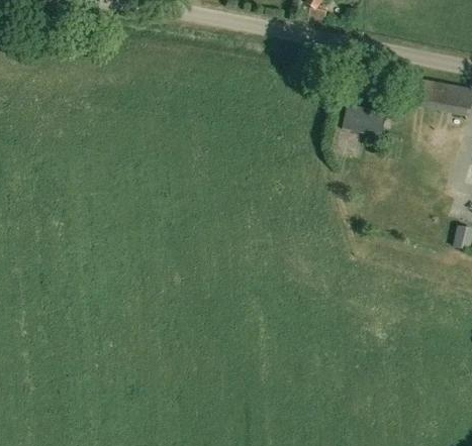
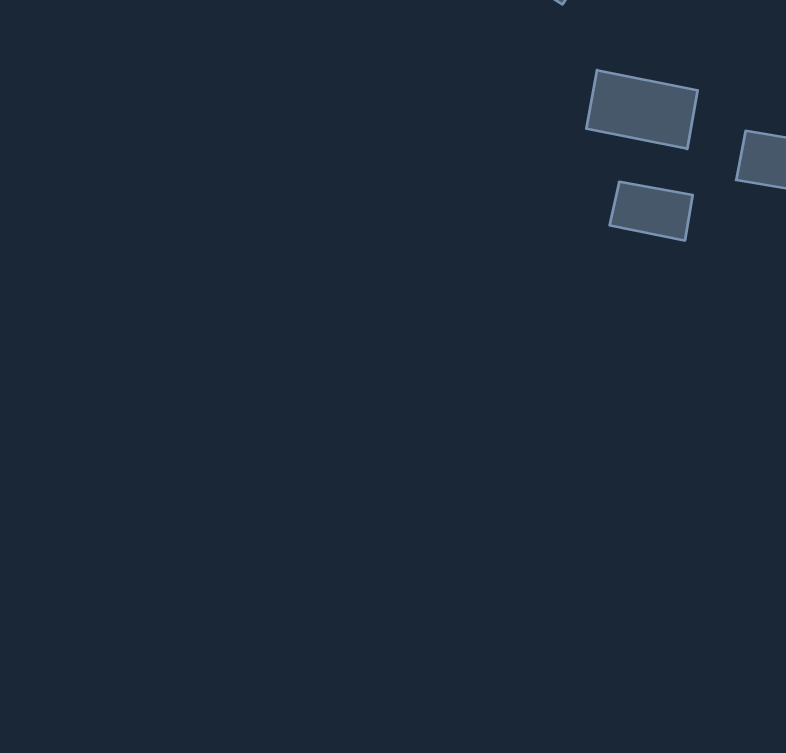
building: none -> [586,70,698,149]

